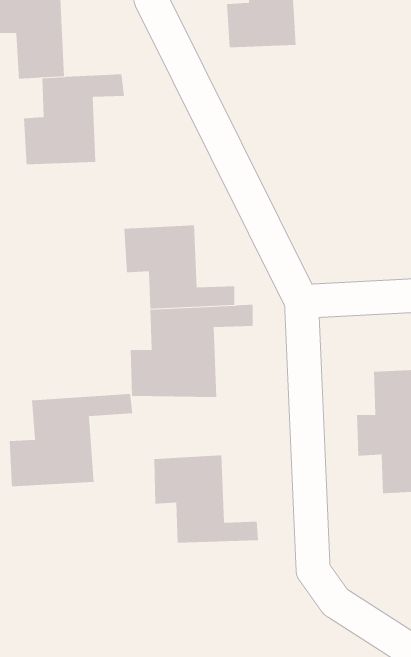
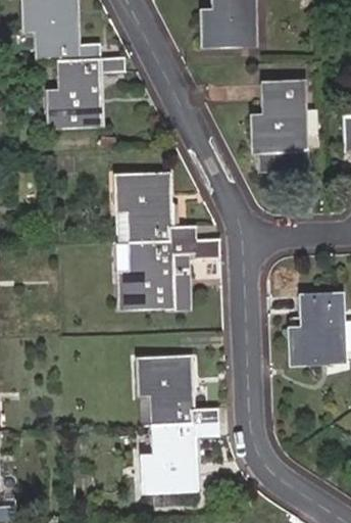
building: none -> [251,75,306,146]
building: [9,393,133,487] -> none
building: none -> [140,426,219,496]

